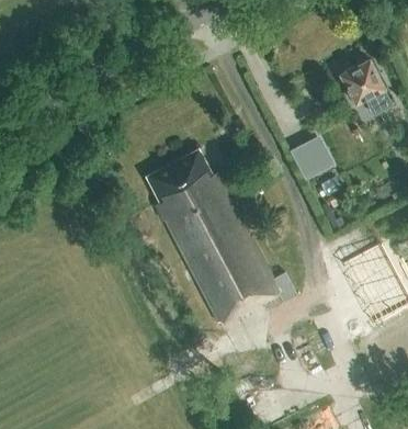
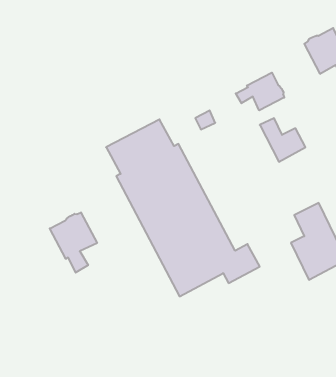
building: none -> [236,73,284,110]
building: none -> [50,212,97,273]

